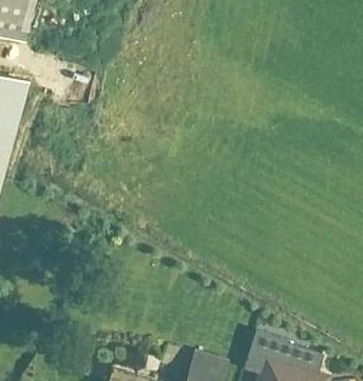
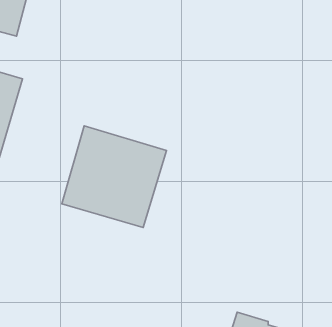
building: none -> [62,126,167,228]

